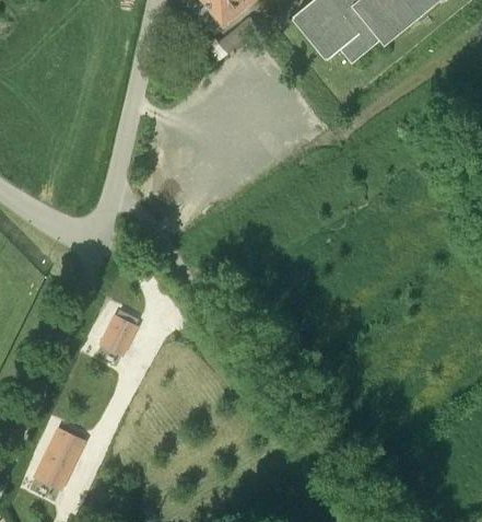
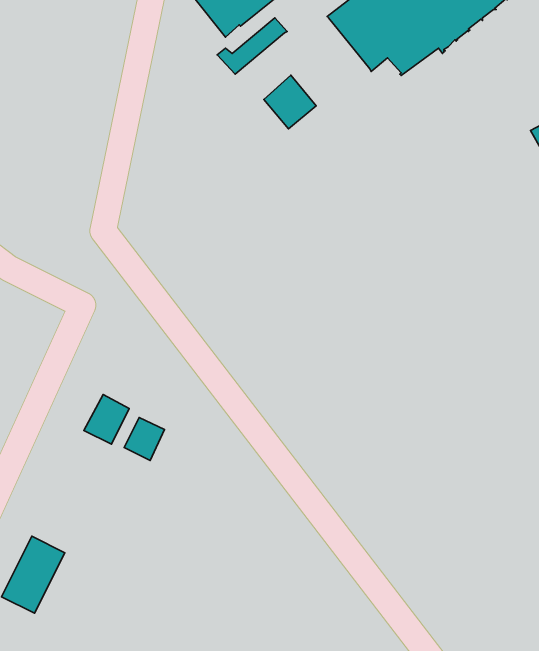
building: none -> [264,75,316,129]
building: none -> [124,417,164,461]

